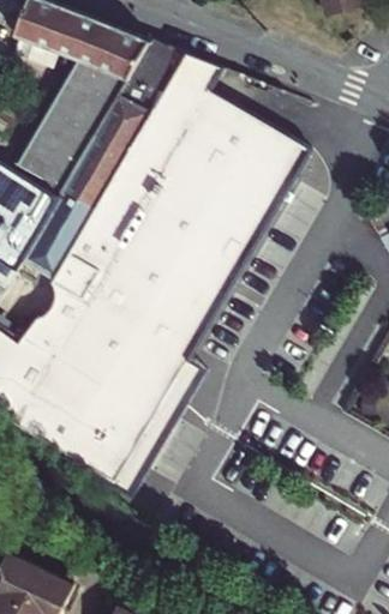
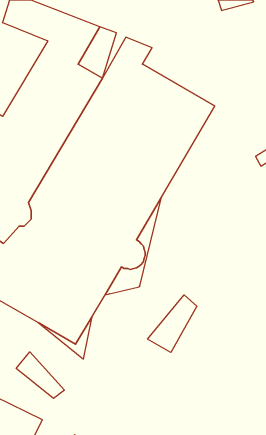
building: none -> [148,295,197,352]
building: none -> [16,352,64,398]

